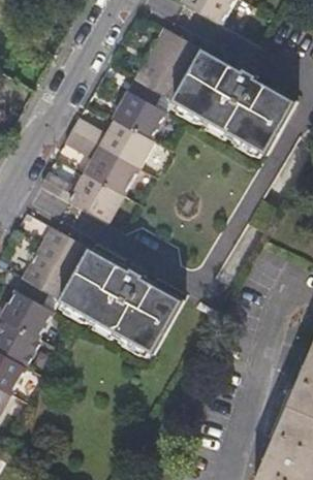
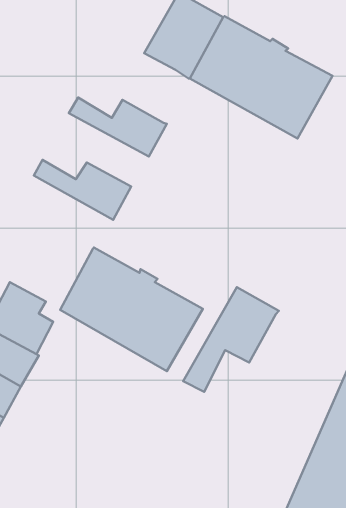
building: [113,81,167,140] -> none
building: [62,132,138,195] -> none
building: [19,225,90,301] -> none
building: none -> [183,287,279,392]

